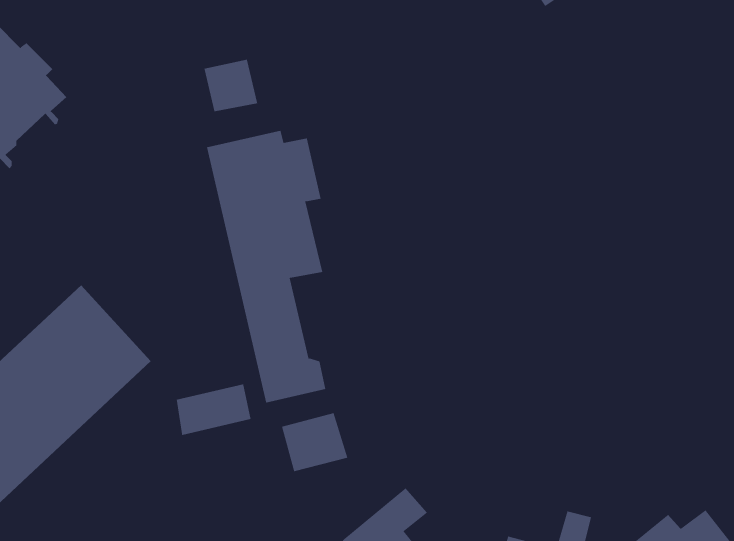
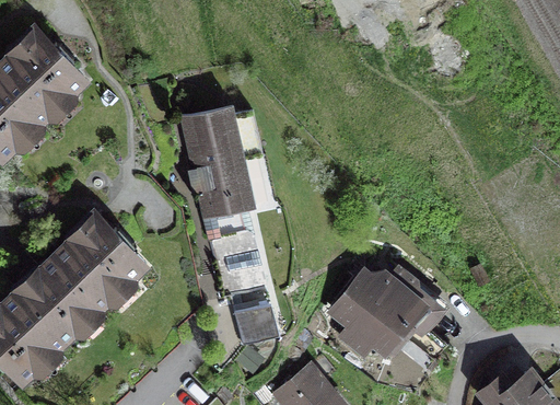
building: [204,59,258,112] -> none
building: none -> [334,269,445,371]
building: [176,384,251,436] -> none

